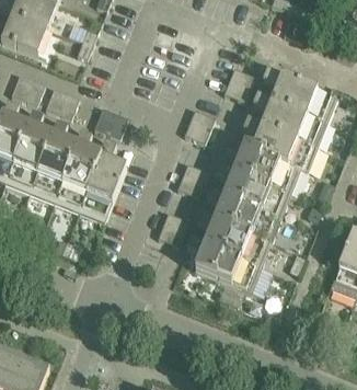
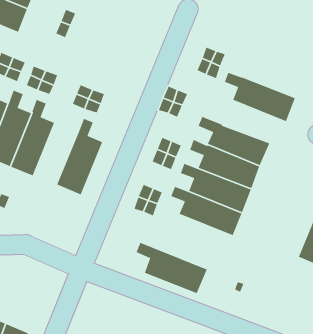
building: [262,67,337,119] -> none
building: [242,116,318,171] -> none
building: [53,130,100,210] -> none
building: [186,236,262,290] -> [136,242,208,294]

